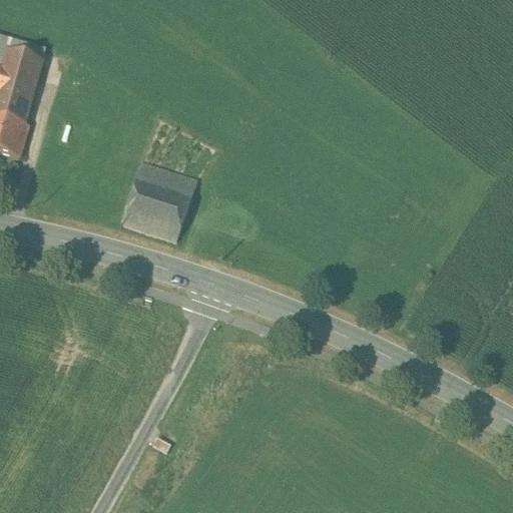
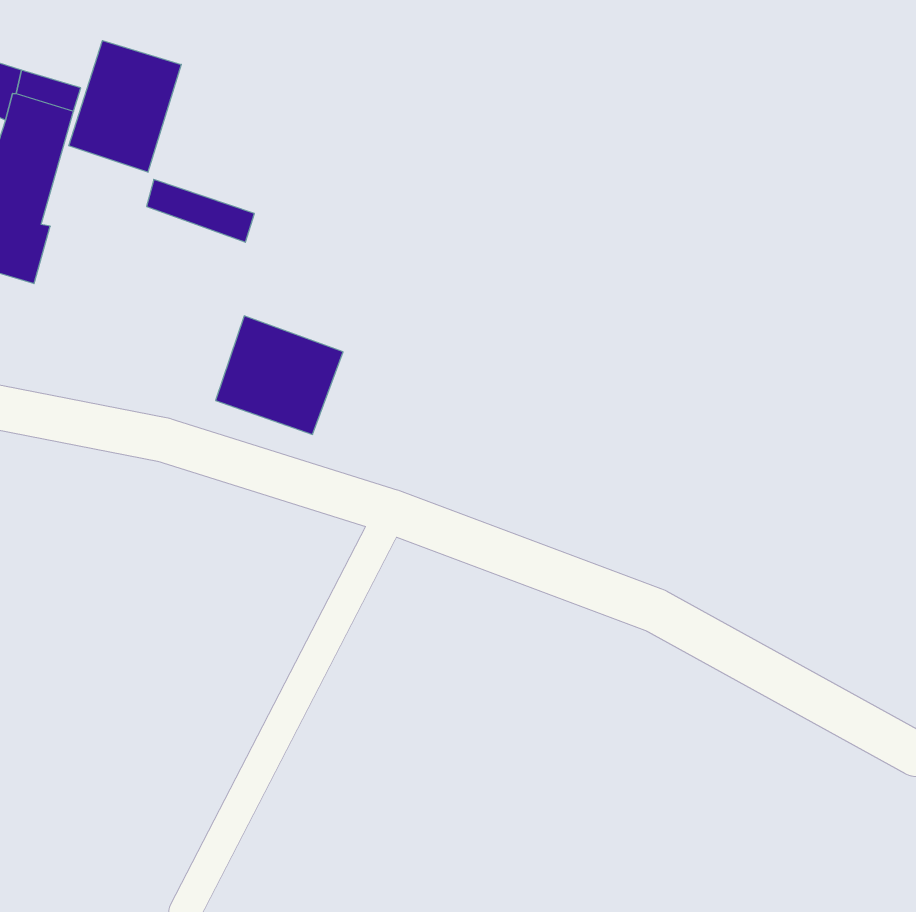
building: none -> [69,41,181,172]
building: [136,161,196,196] -> [147,179,254,242]

